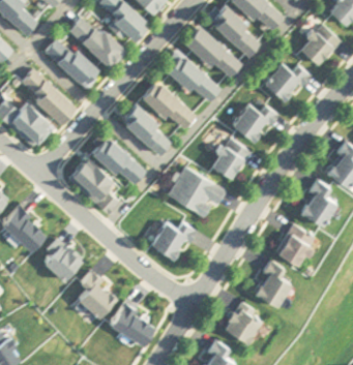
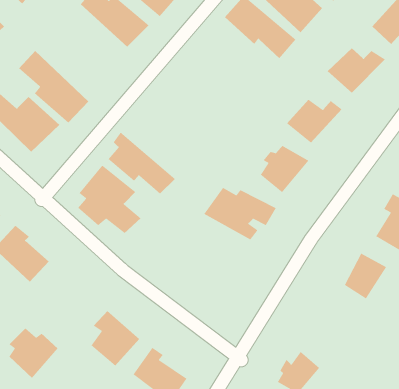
building: [42,40,98,88] -> none
building: [166,56,218,99] -> none
building: [140,80,195,124] -> none
building: [123,102,173,155] -> none
building: [151,223,196,262] -> none
building: [43,242,83,282] -> [9,327,58,379]
building: [255,262,289,304] -> none

